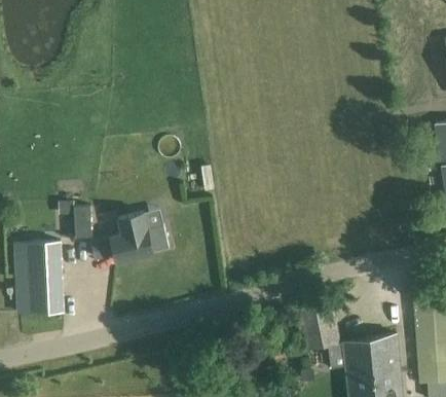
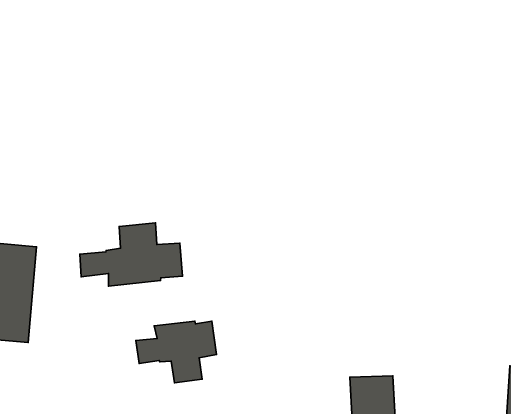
building: [74,207,91,239] -> none
building: none -> [136,321,217,383]

